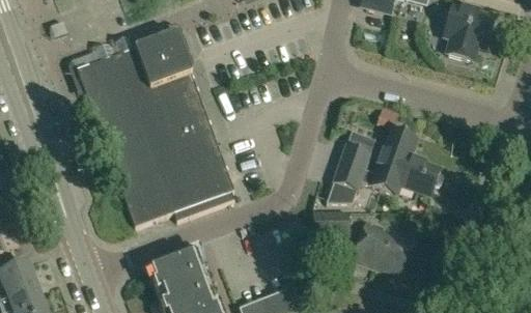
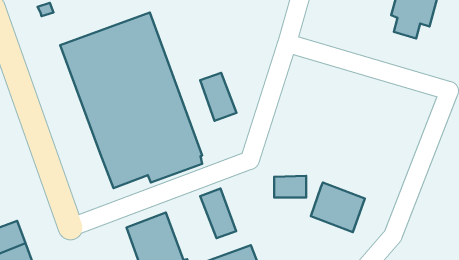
building: none -> [200,73,236,121]
building: [327,129,444,202] -> none
building: none -> [200,188,236,238]

